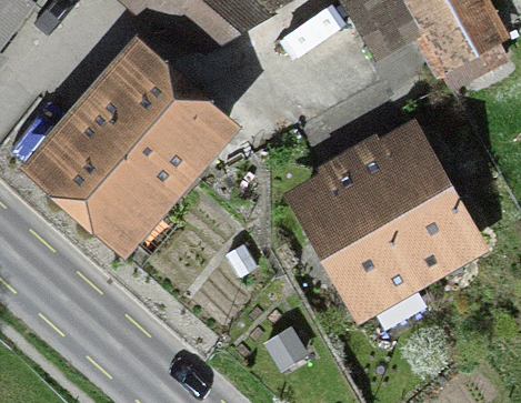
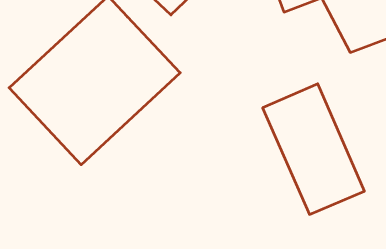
building: [285,157,421,318] -> none

